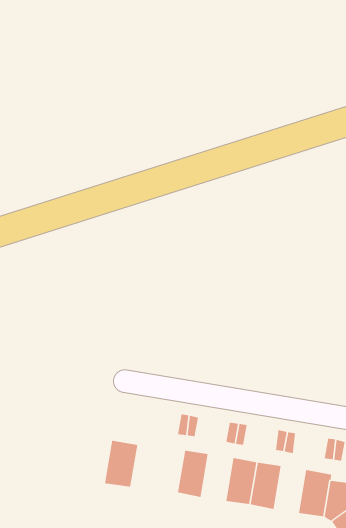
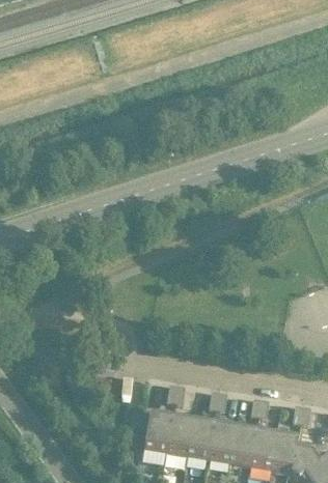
building: [104,440,138,487] -> [141,410,170,451]
building: none -> [185,418,212,458]
building: none -> [247,428,274,468]

